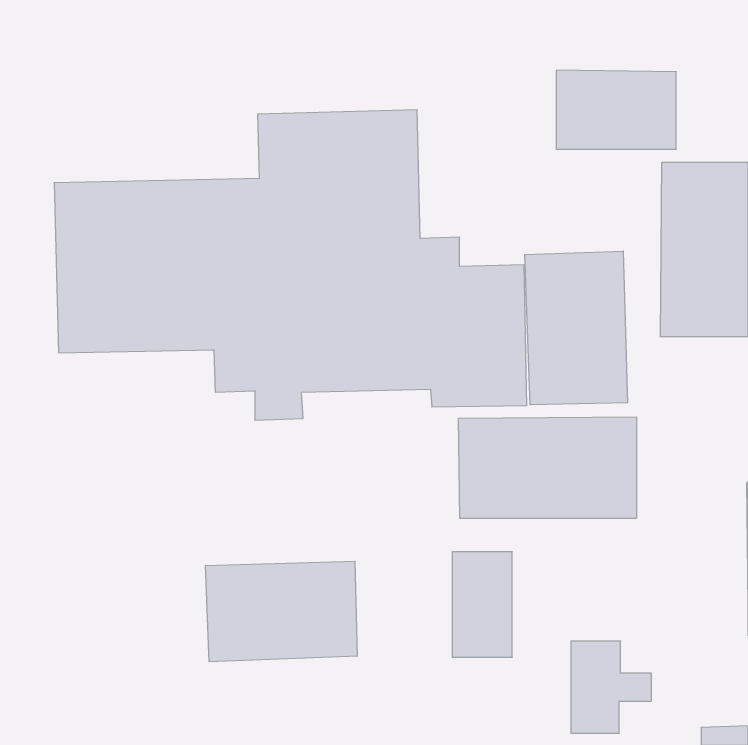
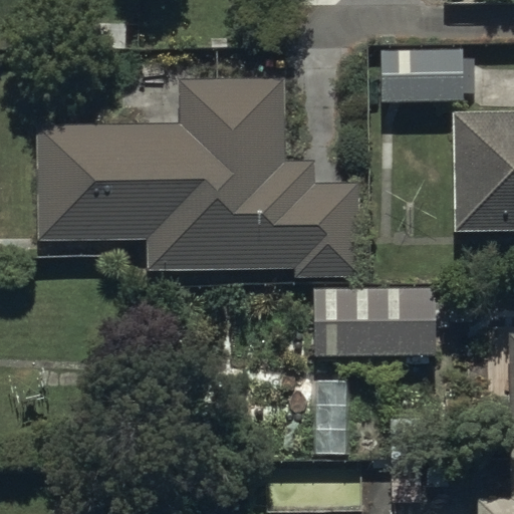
building: [525,251,627,405] -> none
building: [206,561,357,662] -> none

